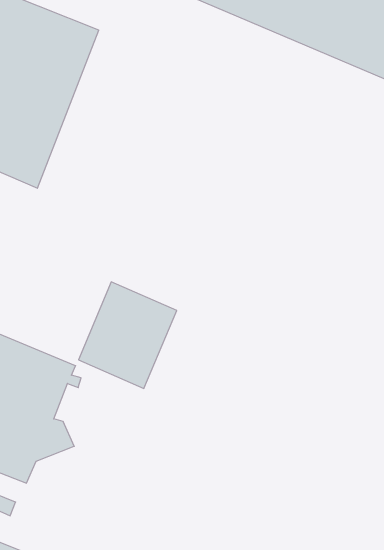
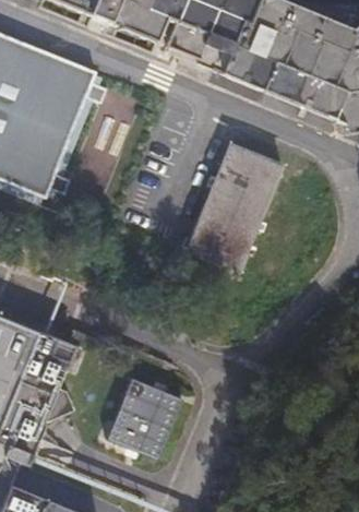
building: none -> [183,139,284,284]
building: [79,282,177,388] -> [106,371,184,456]

